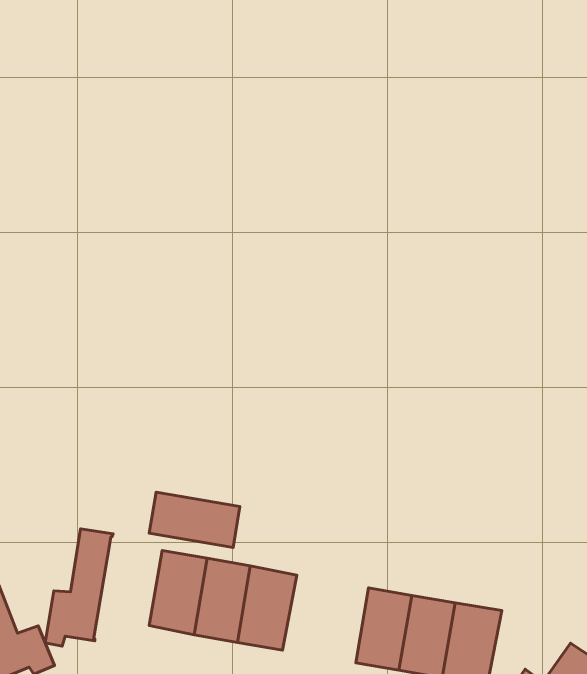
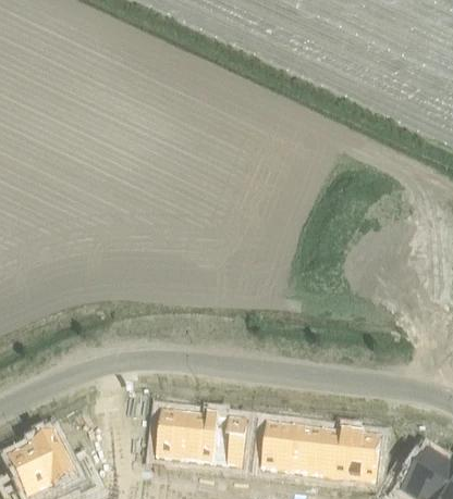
building: [149,492,240,548] -> none
building: [45,529,113,646] -> none
building: none -> [258,416,294,470]

